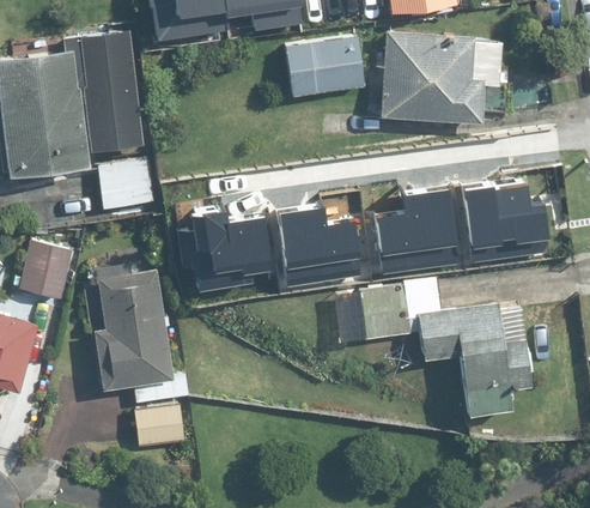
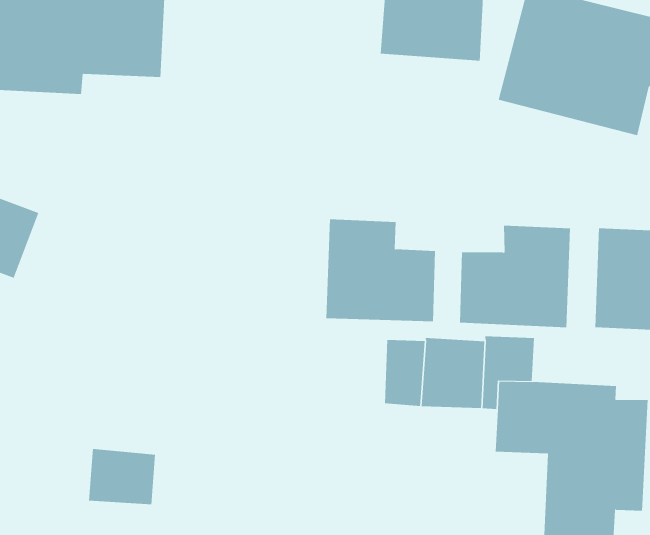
building: [97,161,151,208] -> none
building: [178,219,273,298] -> none
building: [92,266,174,386] -> none

